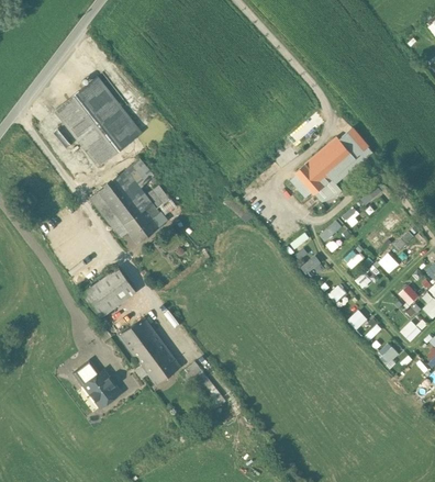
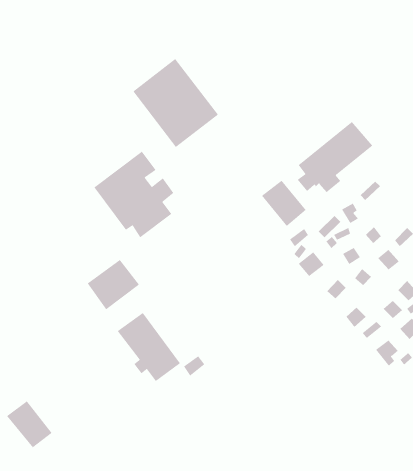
building: [59,75,145,164] -> [133,58,219,148]
building: none -> [261,180,306,227]
building: [70,361,116,408] -> [6,401,53,448]

